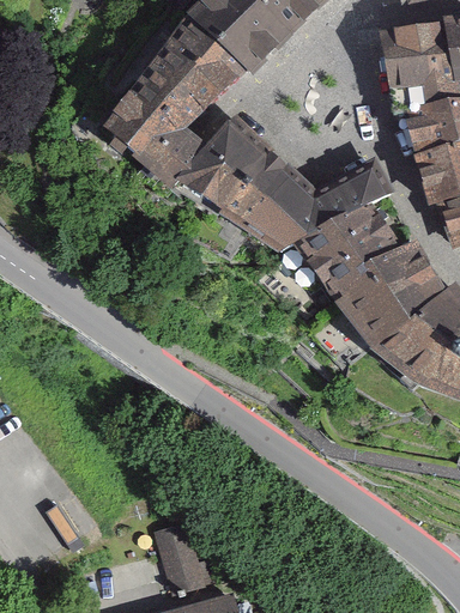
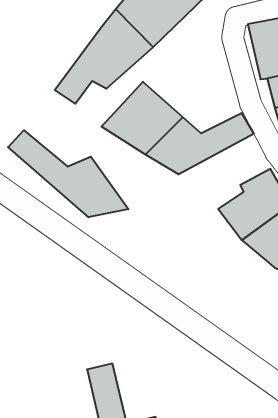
building: [138,119,206,183] -> none
building: none -> [8,130,128,217]
building: [284,193,414,299] -> none

